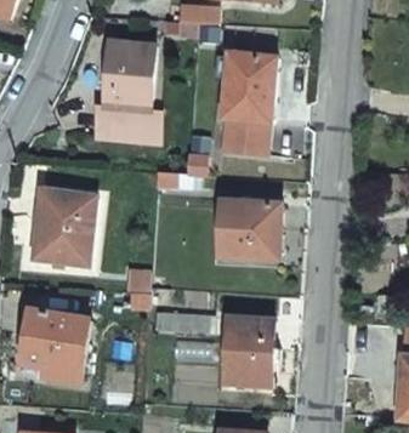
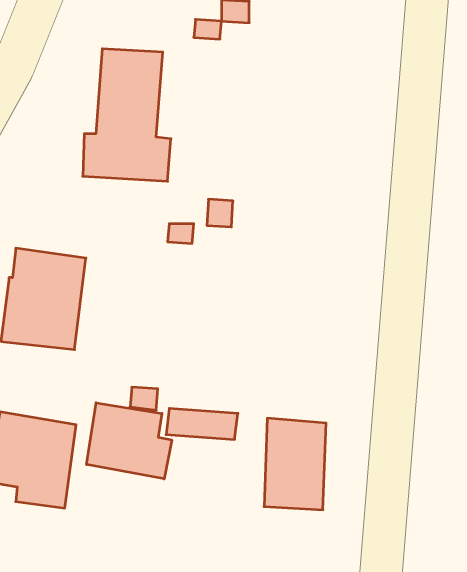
building: [223,53,274,153] -> none
building: [216,200,278,257] -> none
building: none -> [87,403,172,479]

